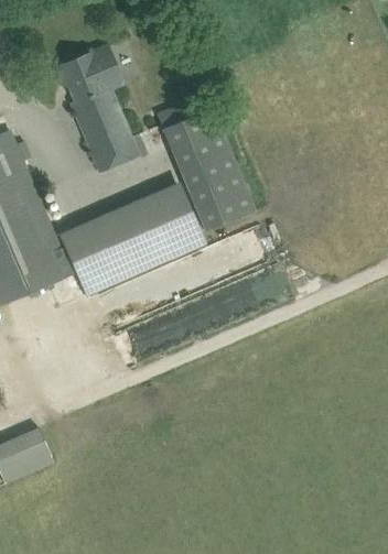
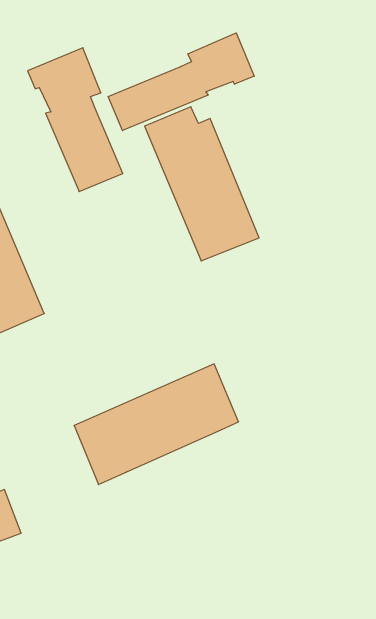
building: none -> [108,33,254,131]
building: [62,194,203,297] -> [74,364,239,485]

